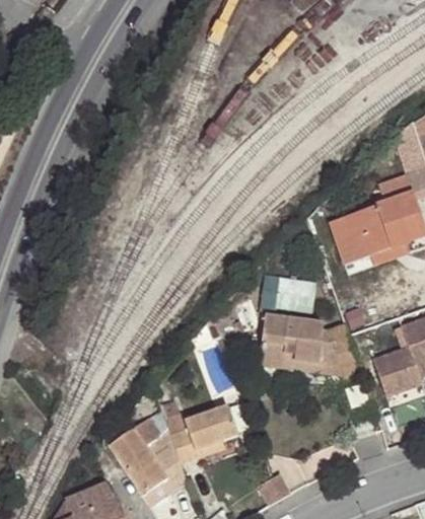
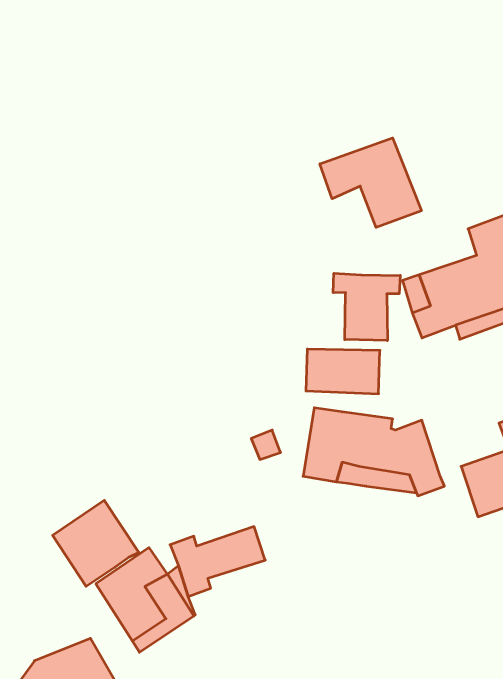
building: none -> [320,138,421,227]
building: none -> [333,273,400,341]
building: none -> [53,500,139,586]

